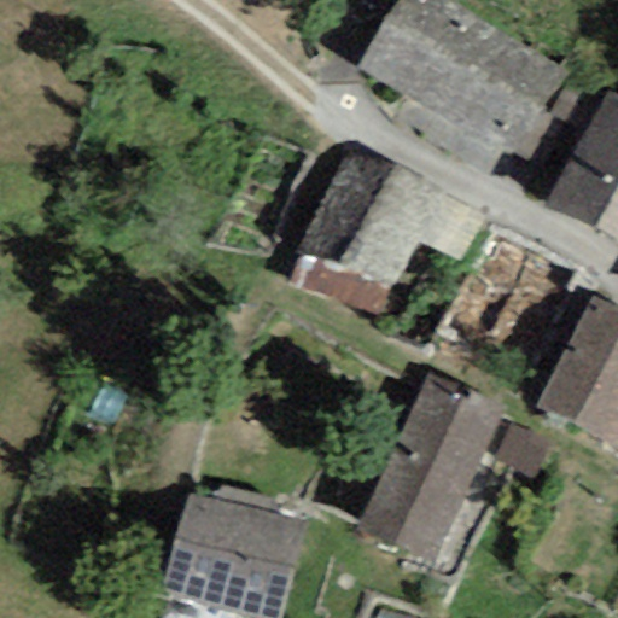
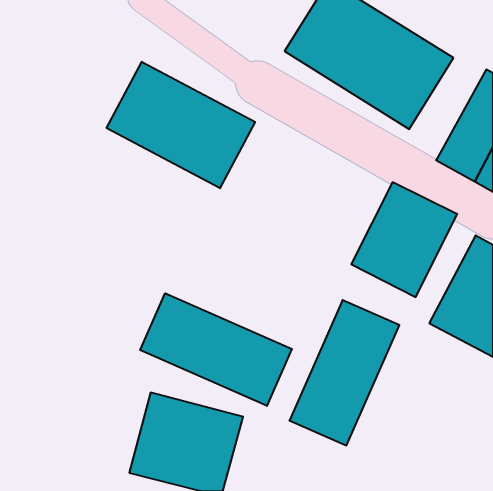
building: none -> [107,62,255,188]
building: [304,147,435,285] -> none
building: none -> [140,293,292,406]

